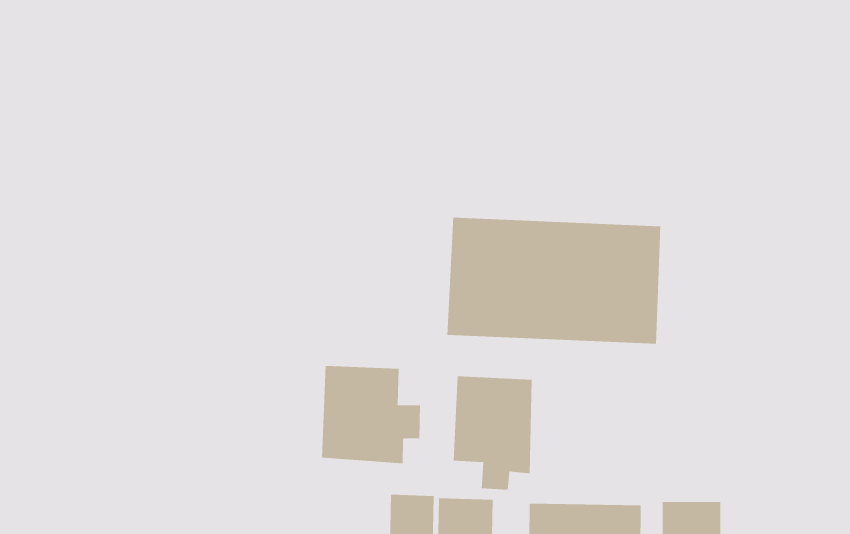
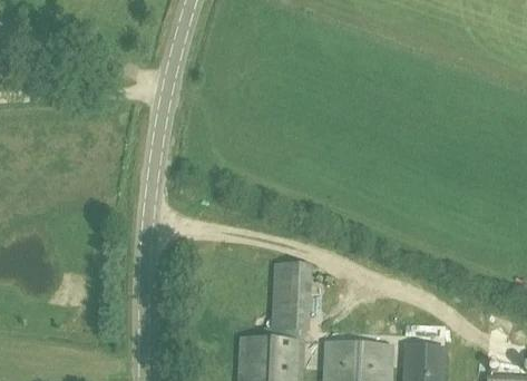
building: [447,217,661,345] -> none
building: [322,365,421,464] -> none

